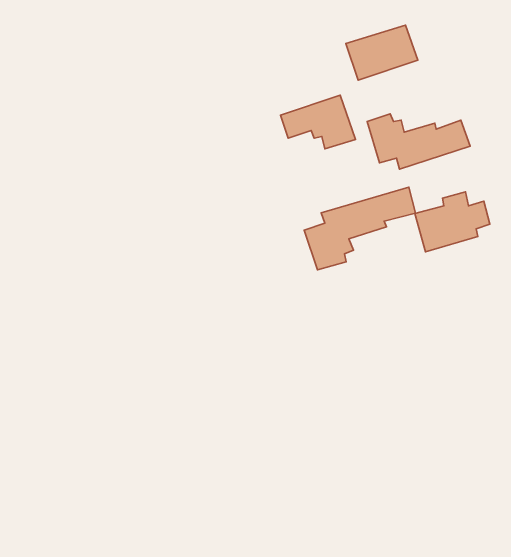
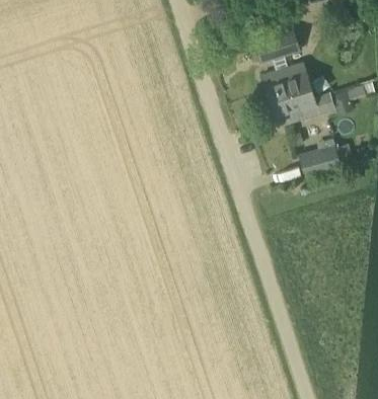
building: [280,95,355,149] -> [264,62,314,97]
building: [304,187,416,270] -> none

